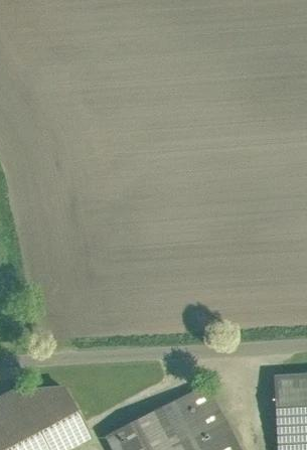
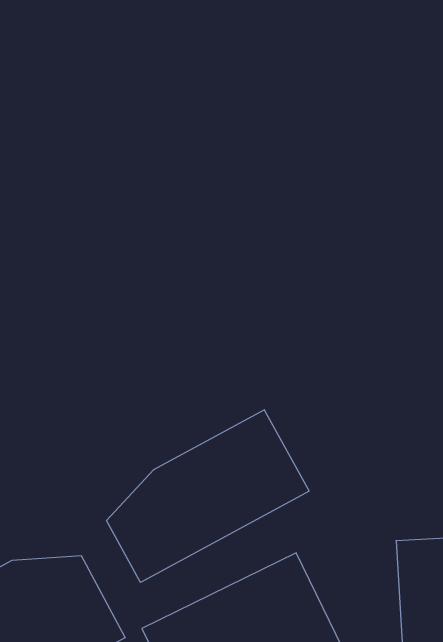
building: none -> [107,410,309,582]

